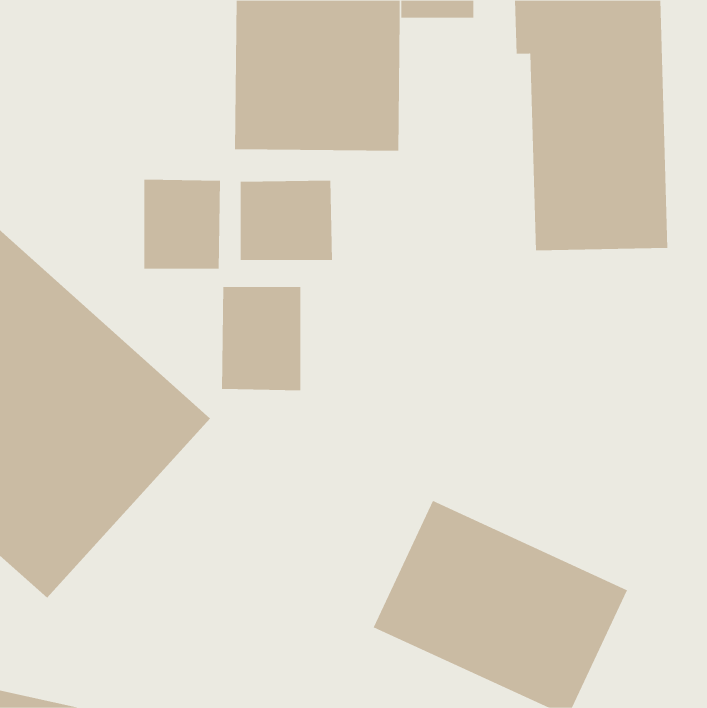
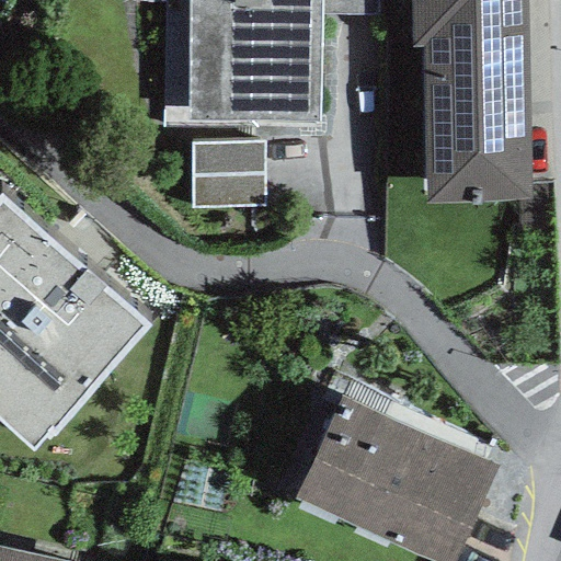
building: [144,179,221,269] -> none
building: [222,286,301,391] -> none

